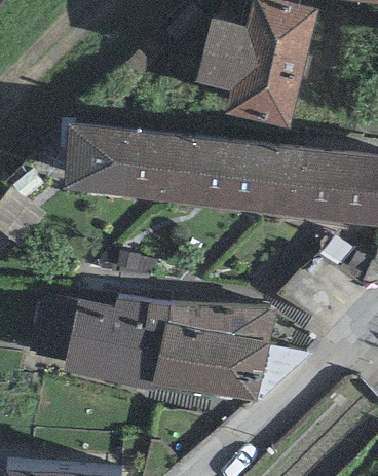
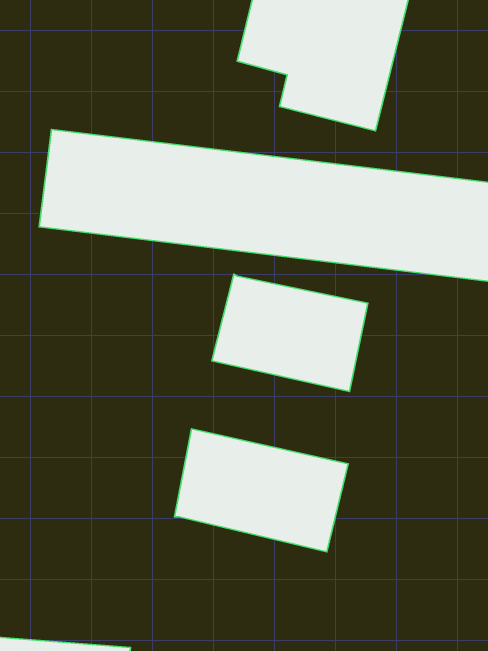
building: none -> [212,274,368,391]
building: [63,301,166,393] -> none

